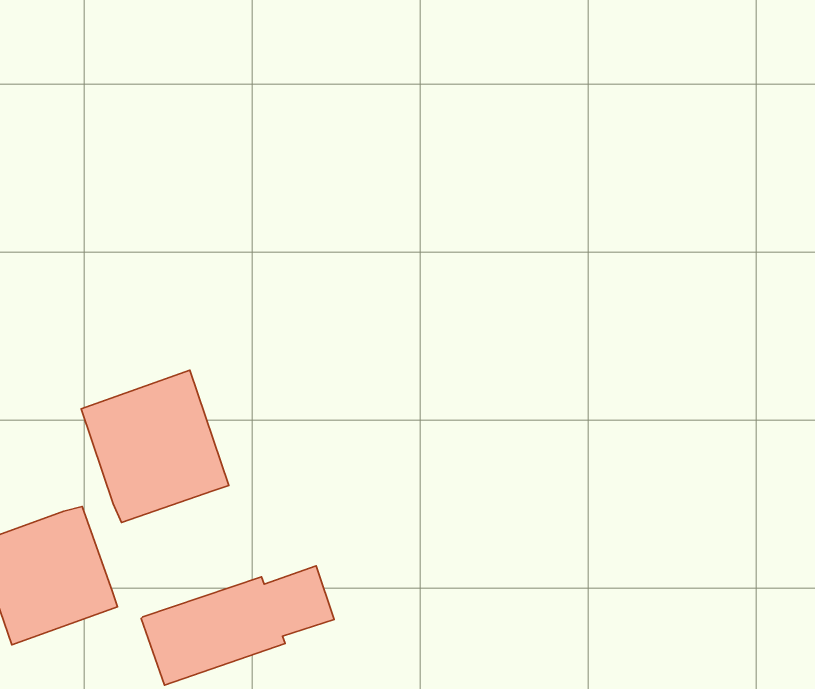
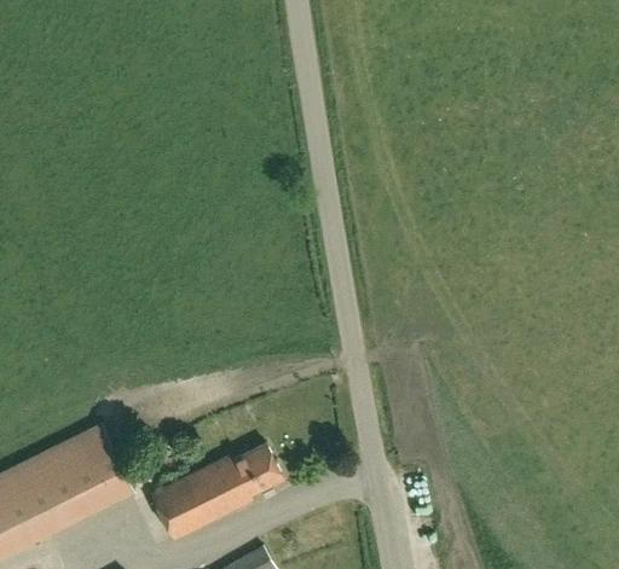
building: [81,370,229,523] -> none

